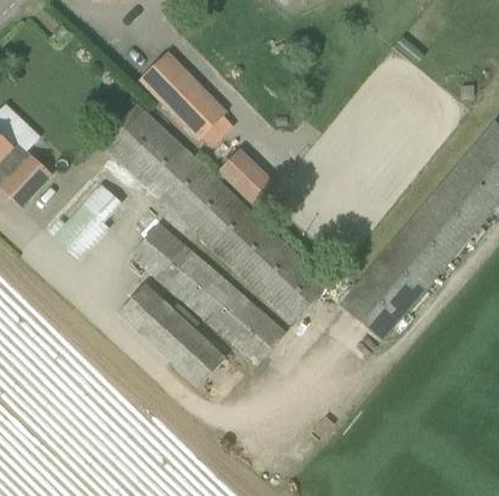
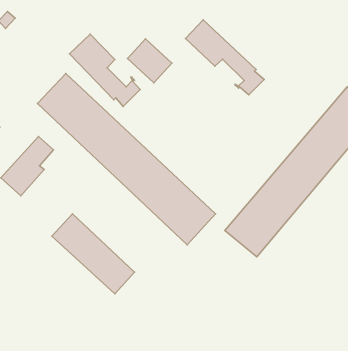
building: none -> [186,20,264,95]
building: [212,143,269,200] -> [128,39,172,83]
building: [130,223,286,364] -> none

